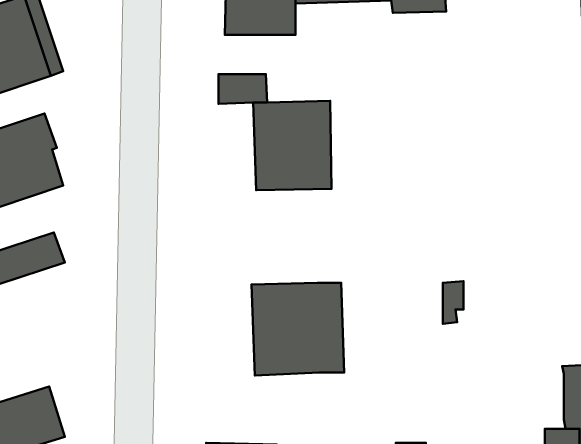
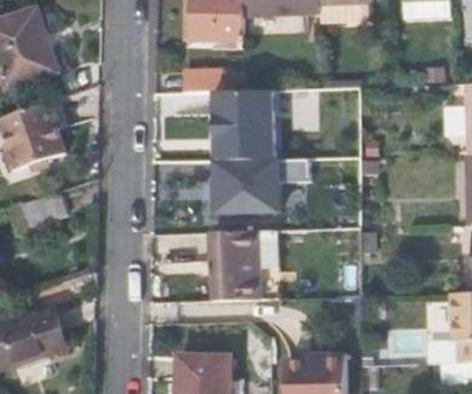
building: none -> [208,158,277,212]

